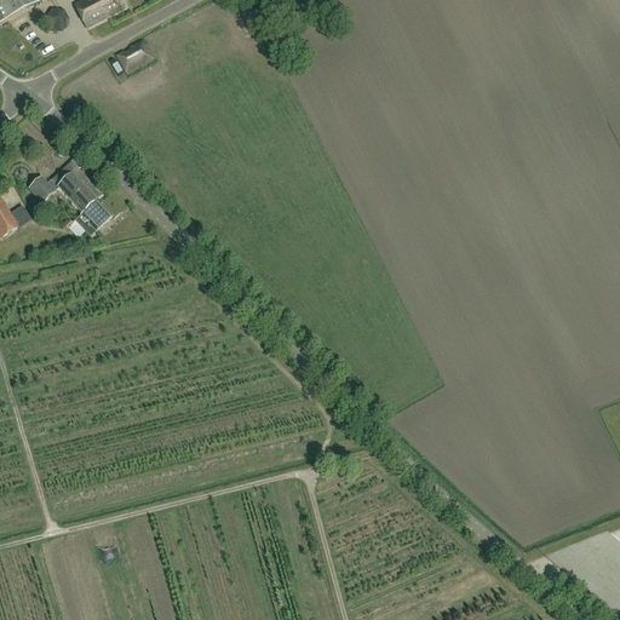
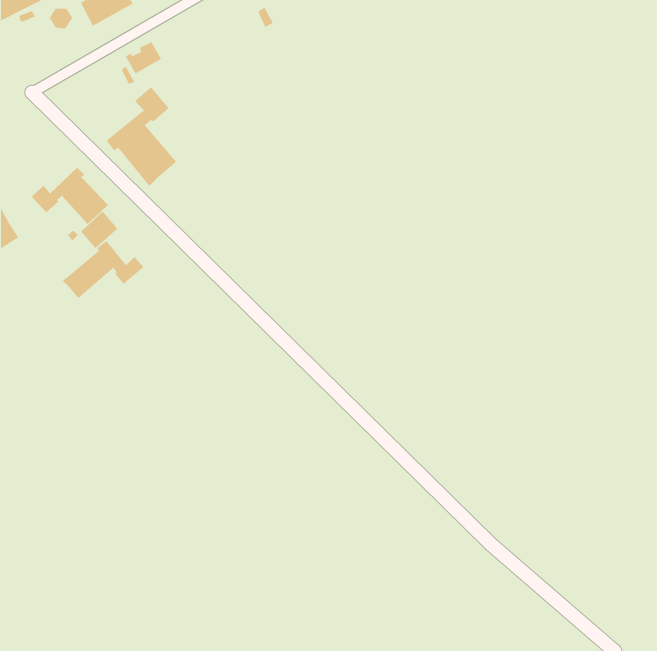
building: none -> [106,86,177,187]
building: none -> [62,240,144,299]

